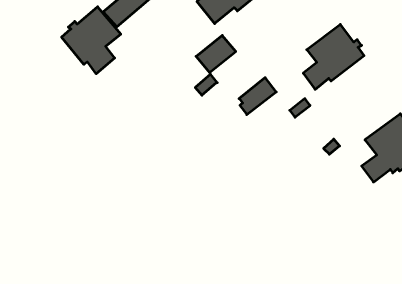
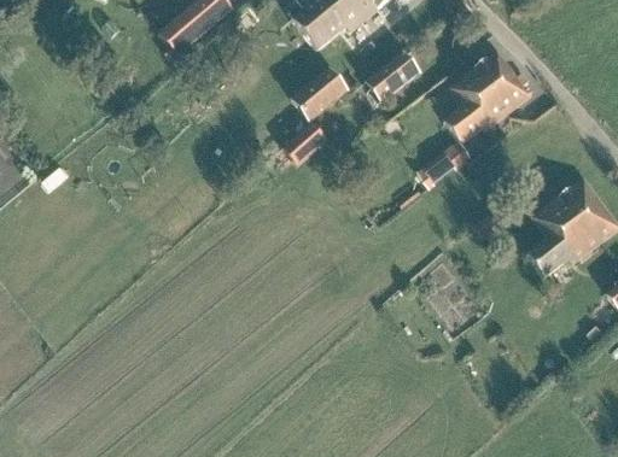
building: [62,7,121,74] -> none
building: [239,78,276,115] -> [367,51,420,104]

